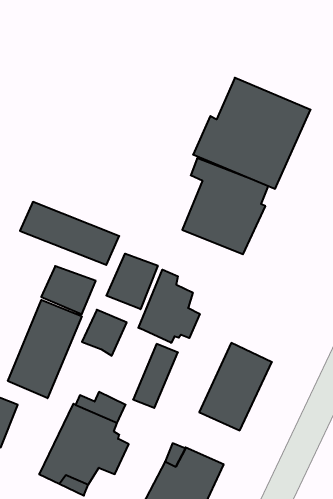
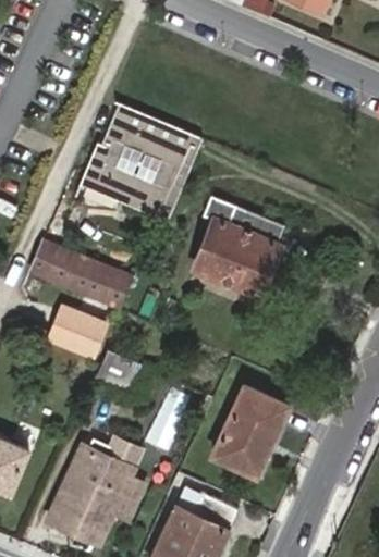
building: [193,78,311,189] -> [80,106,199,219]
building: [106,254,158,309] -> none
building: [138,270,200,343] -> none
building: [8,300,82,398] -> none

